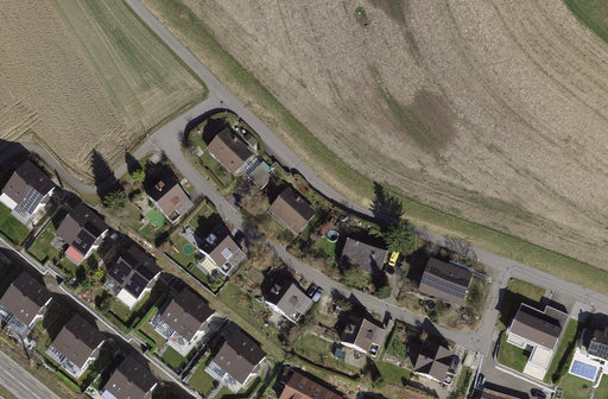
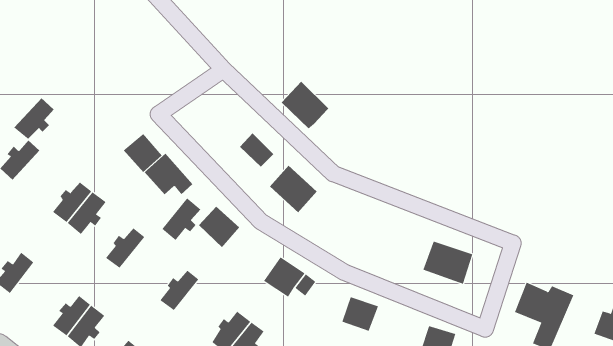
building: [204,126,252,173] -> [281,81,329,129]
building: none -> [123,133,162,173]
building: [14,172,55,214] -> [14,97,55,140]
building: [337,233,387,274] -> none
building: [120,258,159,300] -> [162,197,201,241]
building: [12,283,50,324] -> none
building: [173,299,213,342] -> none

